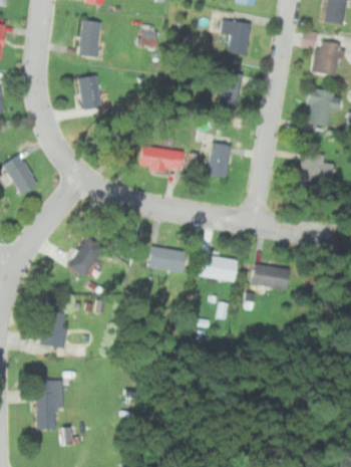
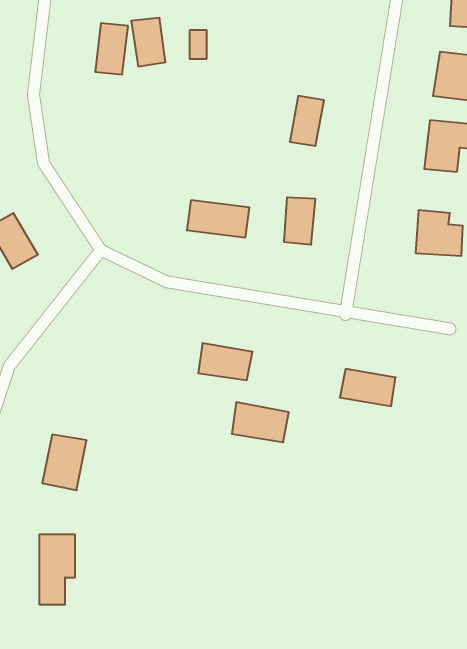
building: [219,18,253,56] -> none
building: [77,75,101,109] -> [131,18,165,67]
building: [67,236,105,277] -> none
building: [199,254,239,282] -> [232,402,289,442]

